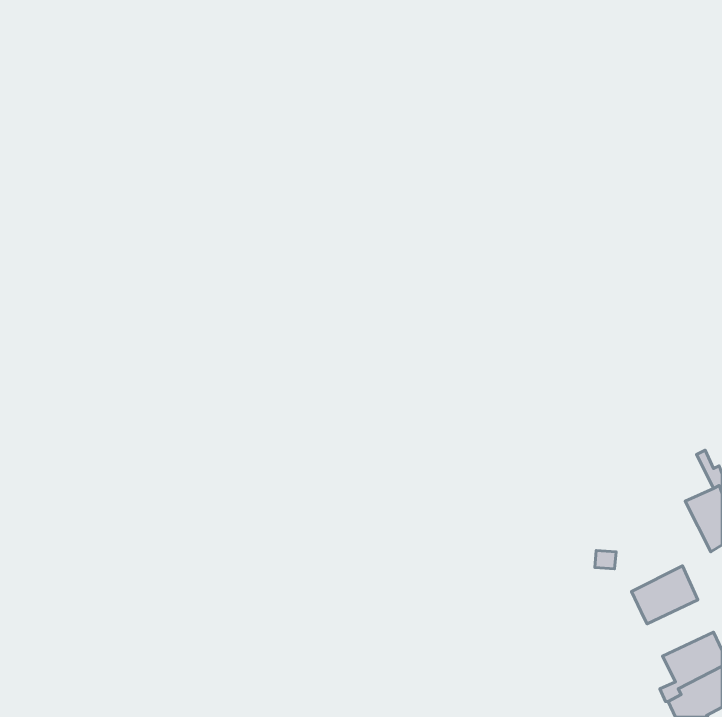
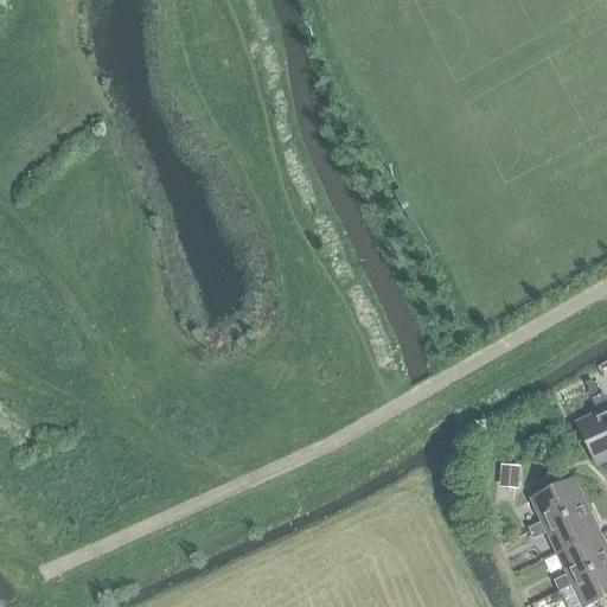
building: none -> [528,504,599,551]

